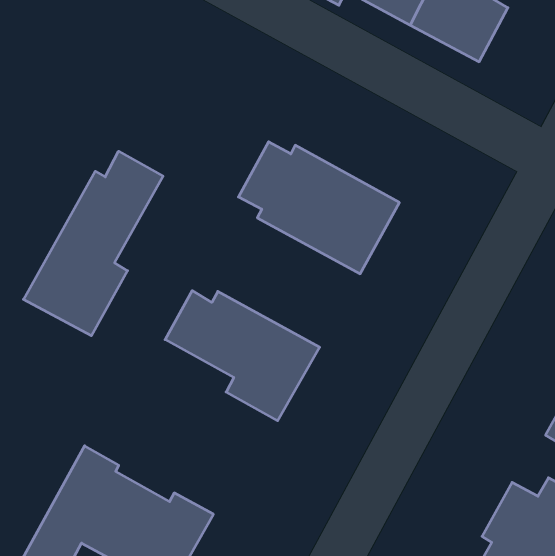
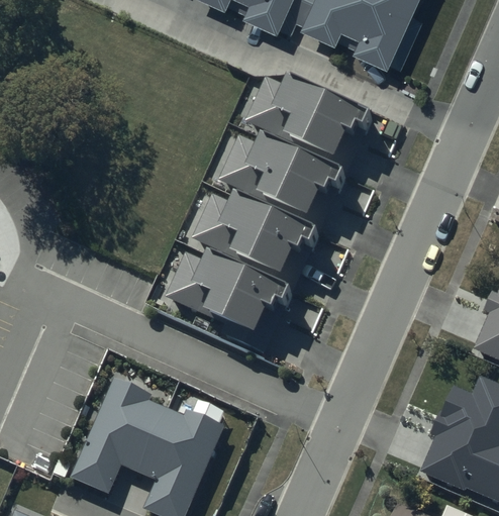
building: none -> [244,76,372,173]
building: [23,151,163,336] -> none
building: none -> [192,194,318,292]

